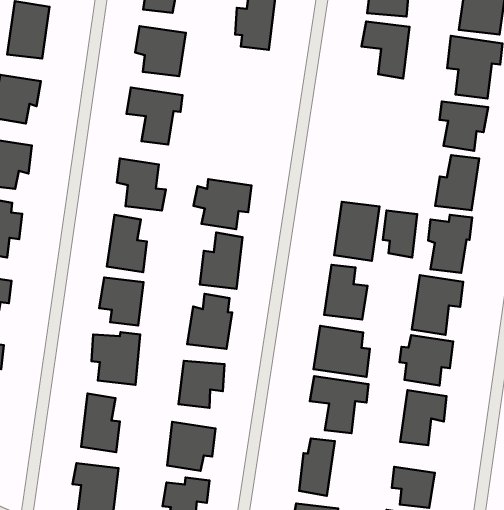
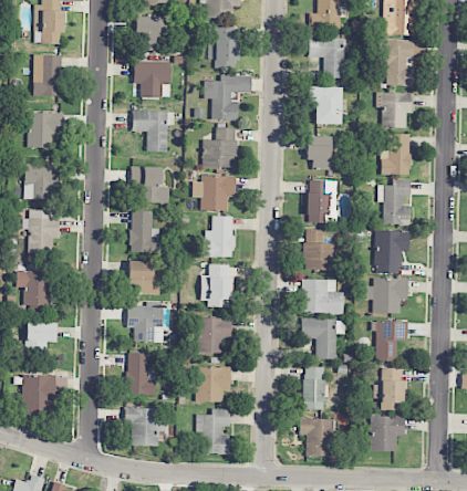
building: none -> [204,73,251,119]
building: none -> [308,86,342,123]
building: none -> [204,126,236,166]
building: [383,210,417,258] -> [307,135,331,169]

